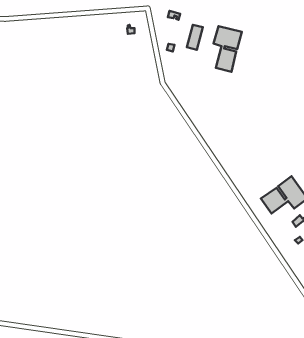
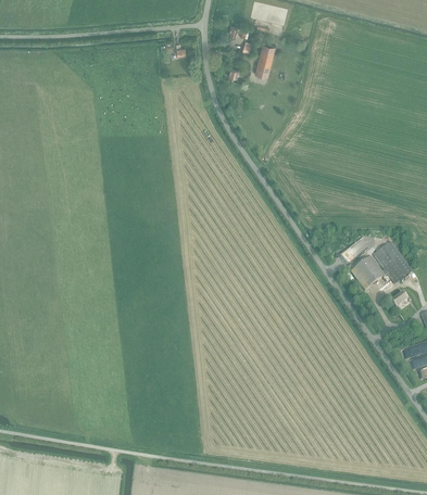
building: [214,26,242,72] -> none

